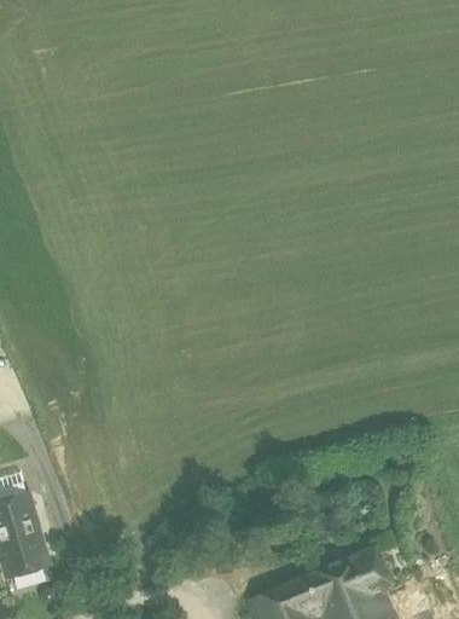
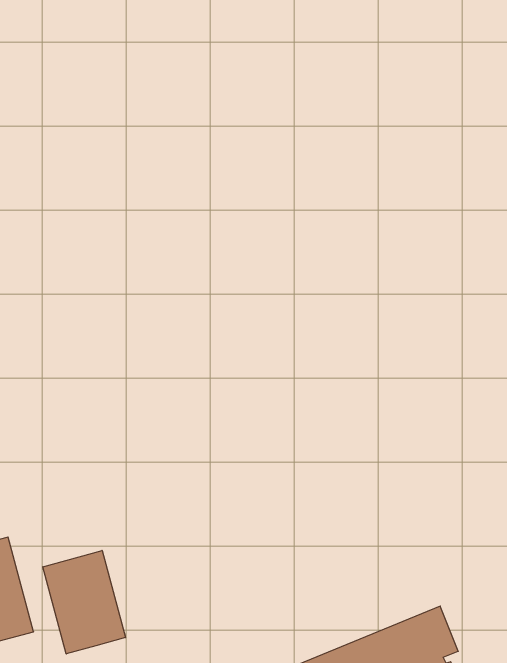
building: none -> [43,550,125,654]

